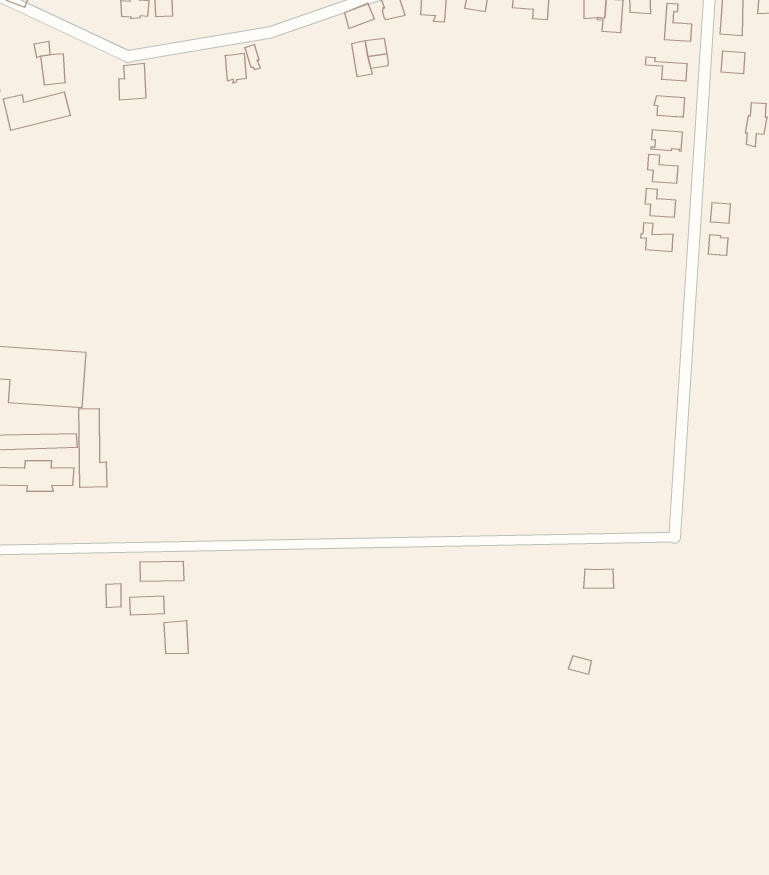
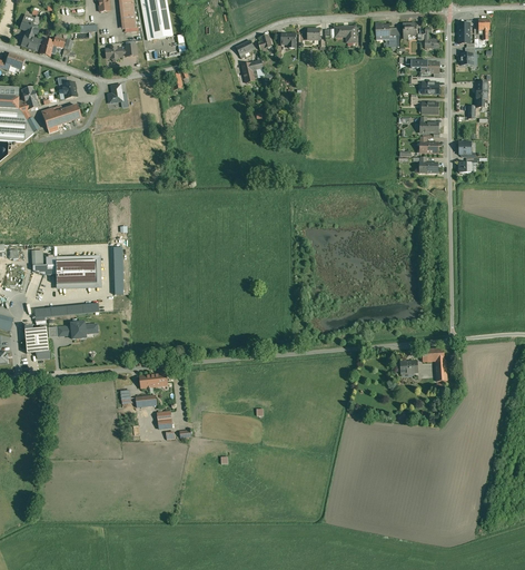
building: [79,409,107,488] -> none
building: none -> [423,347,447,381]

